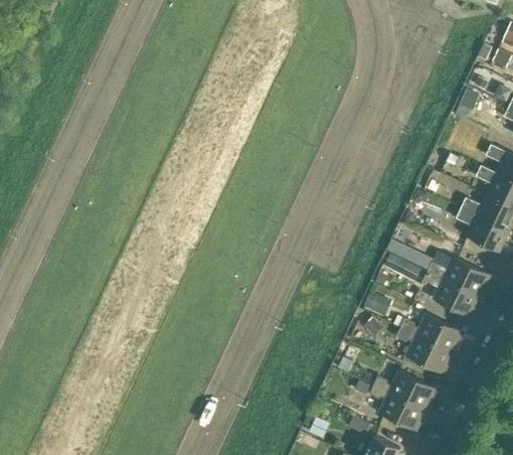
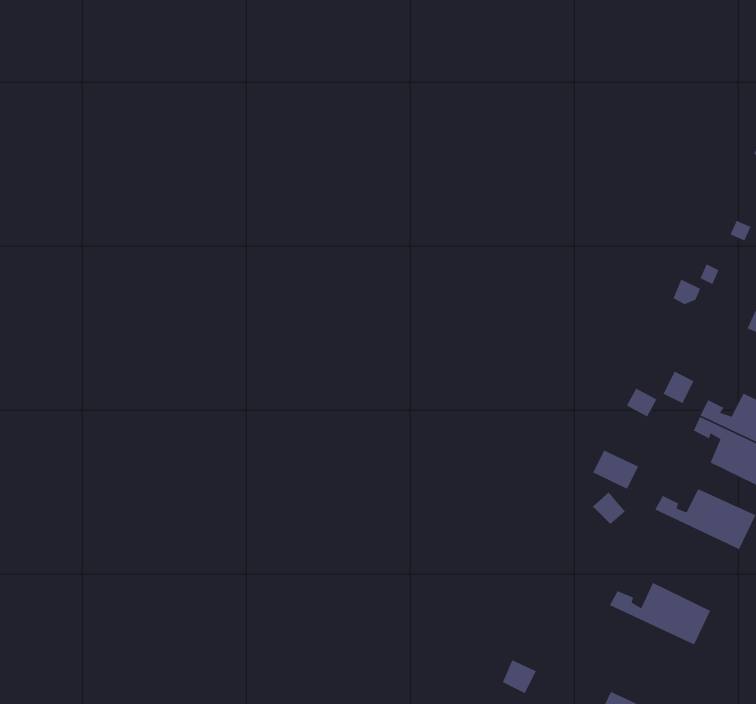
building: [396,327,452,373] -> none
building: [369,385,424,430] -> none

